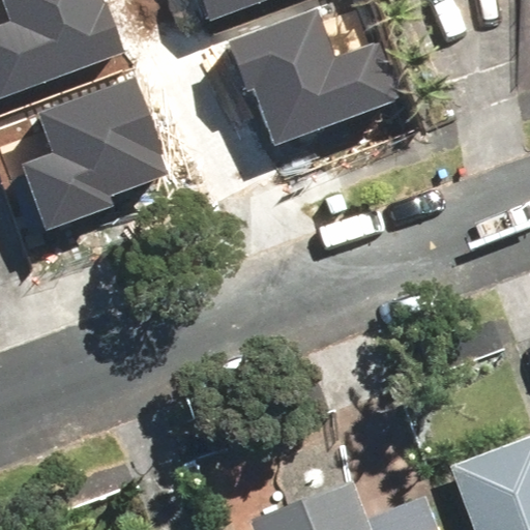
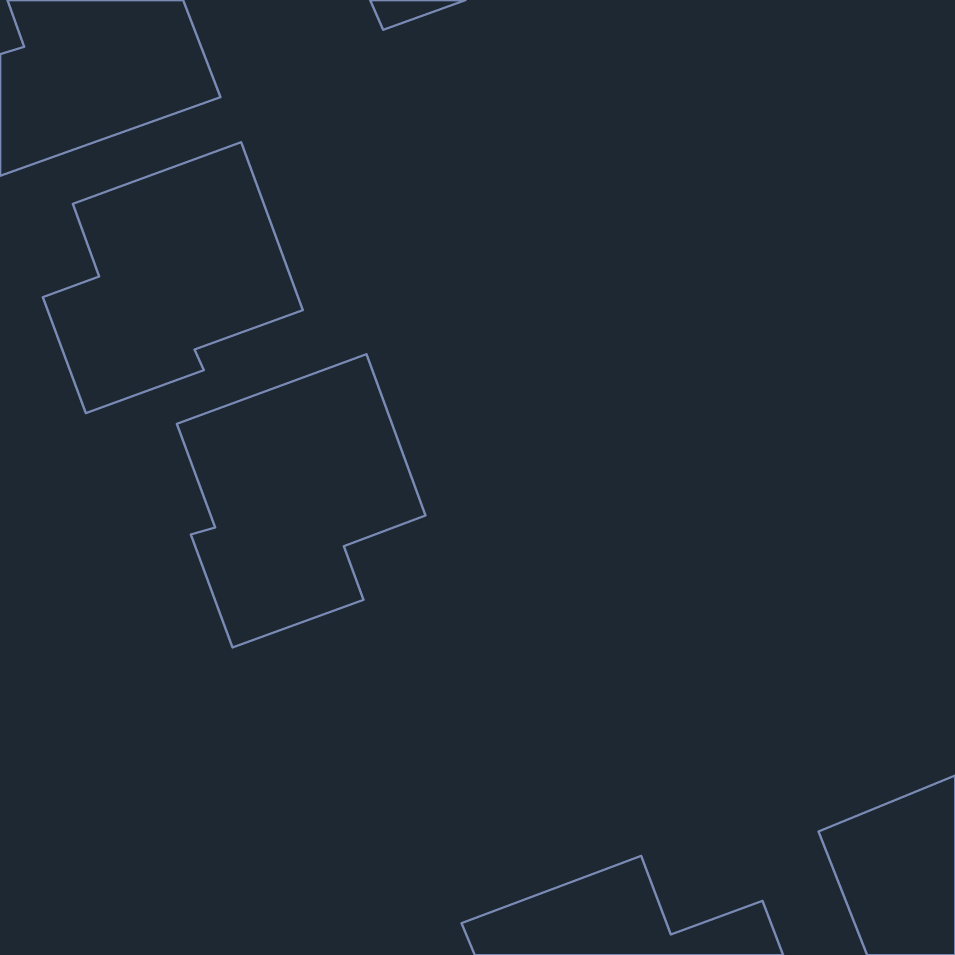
building: [235,12,396,144] -> none
building: none -> [177,354,426,647]

